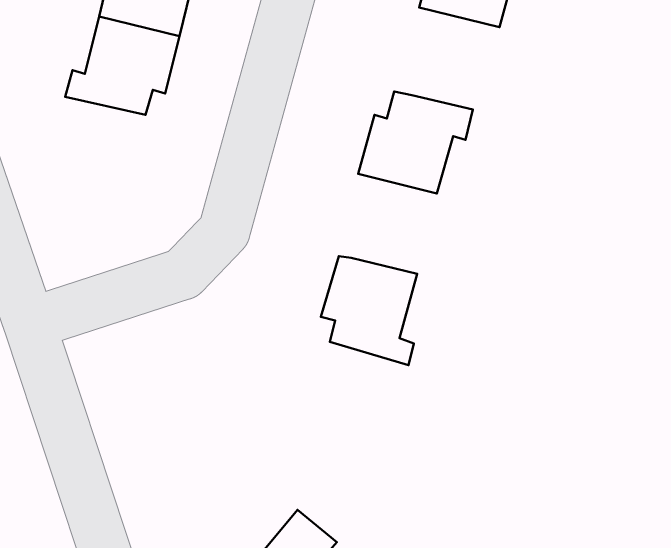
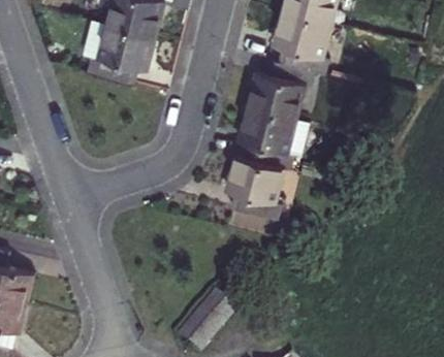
building: none -> [273,12,328,74]
building: none -> [239,108,309,168]

